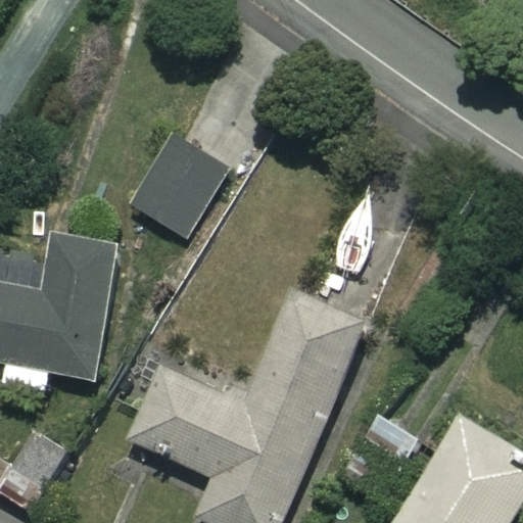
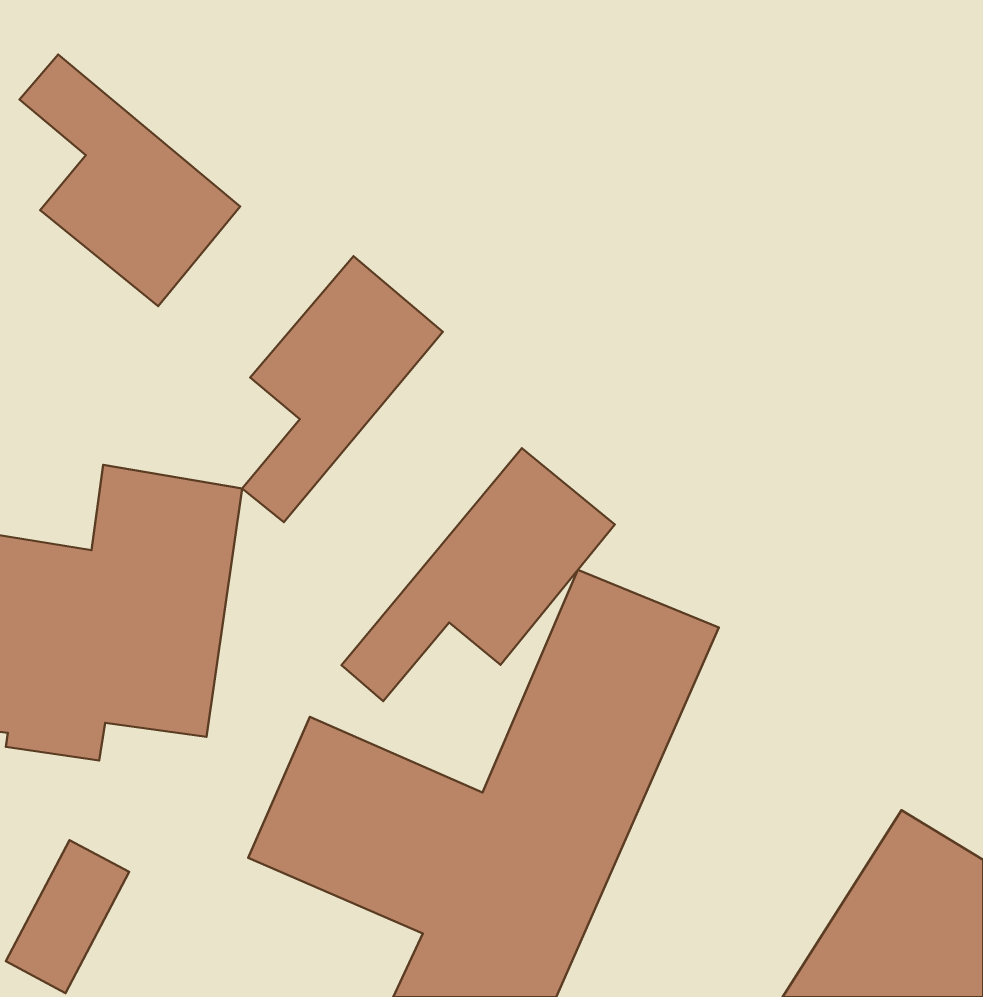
building: none -> [20,55,240,306]
building: none -> [341,448,615,701]

